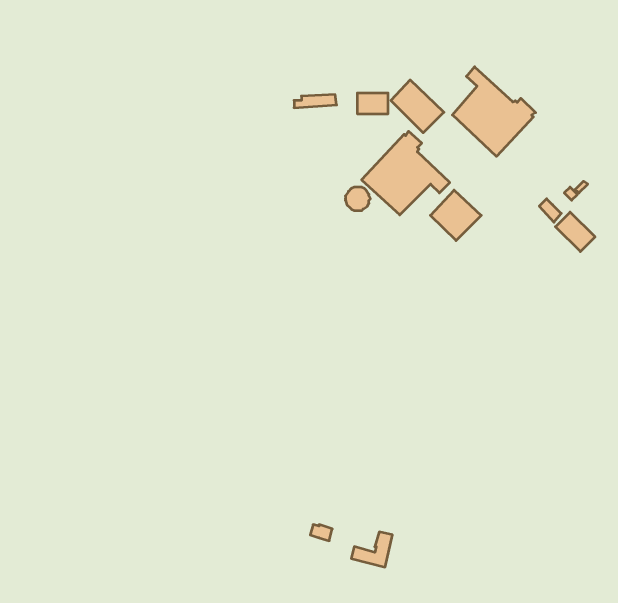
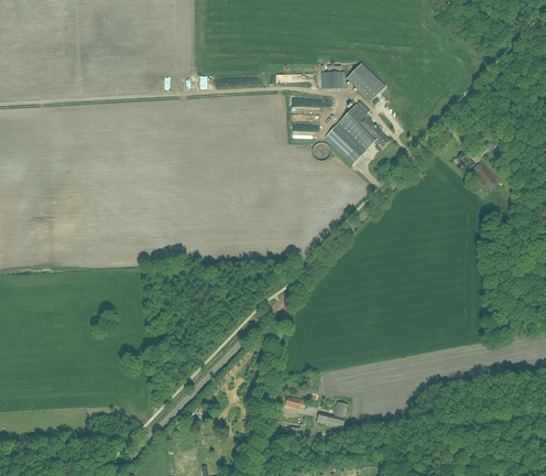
building: [452,67,536,156] -> none
building: [430,190,481,241] -> none

